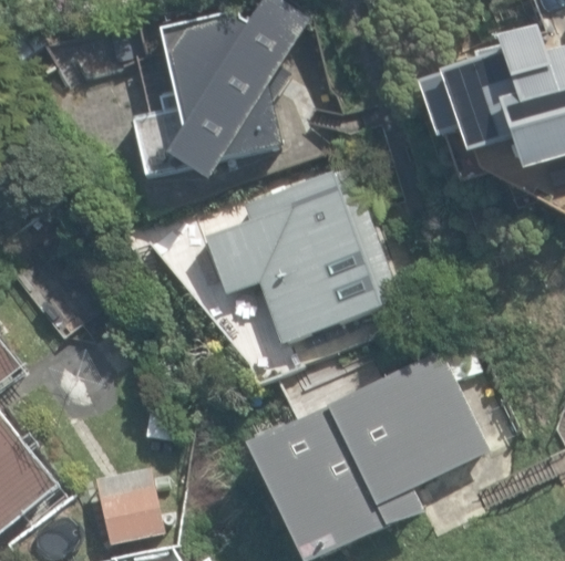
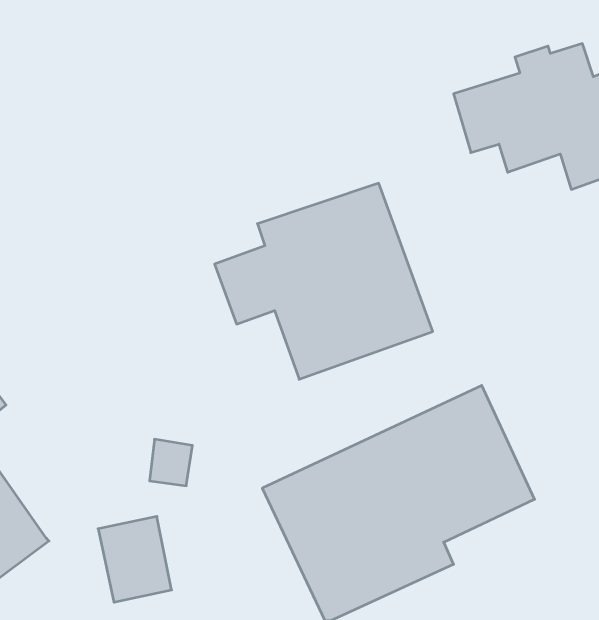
building: [132,6,300,176] -> none

